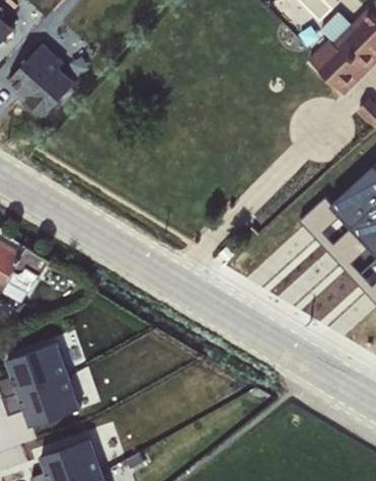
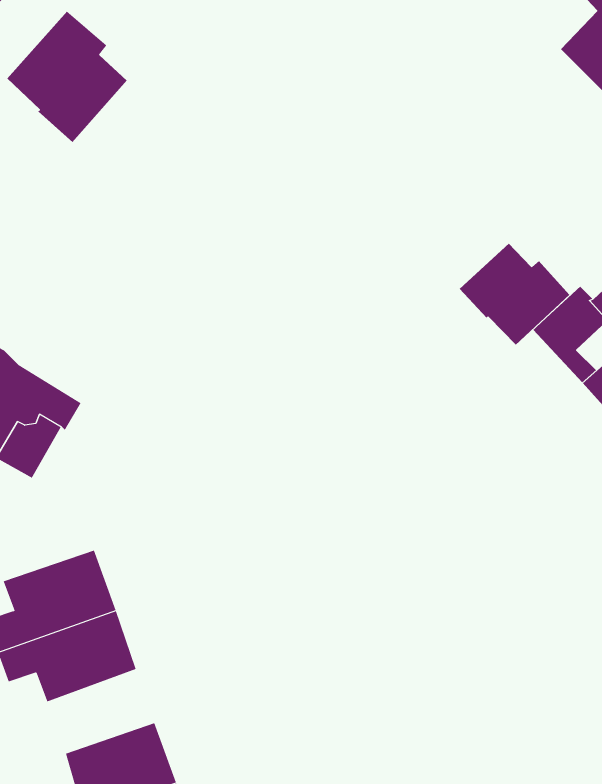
building: none -> [459,243,570,345]

